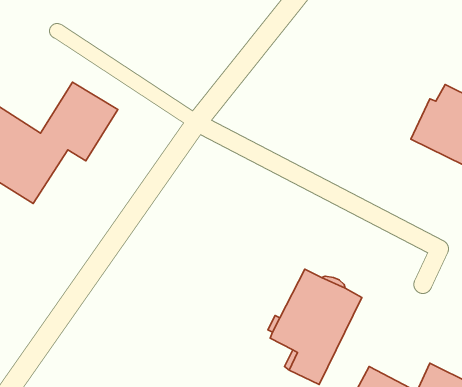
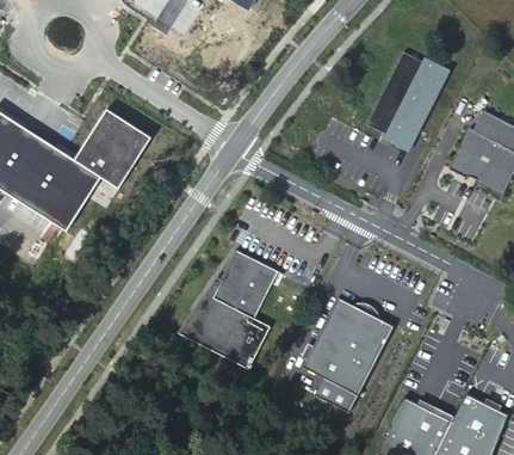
building: none -> [366,50,446,153]
building: none -> [175,250,274,365]

